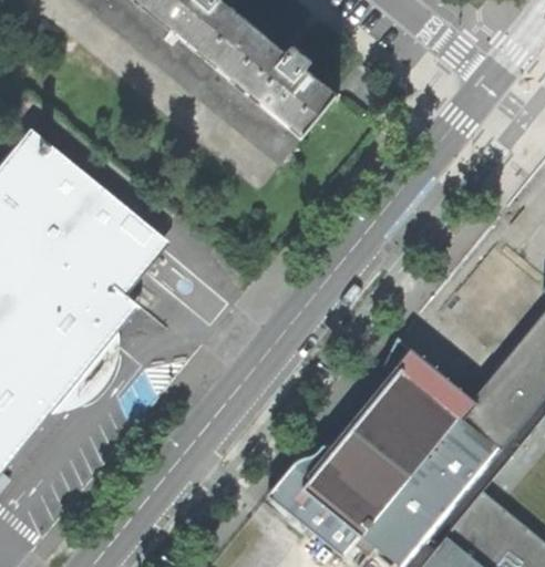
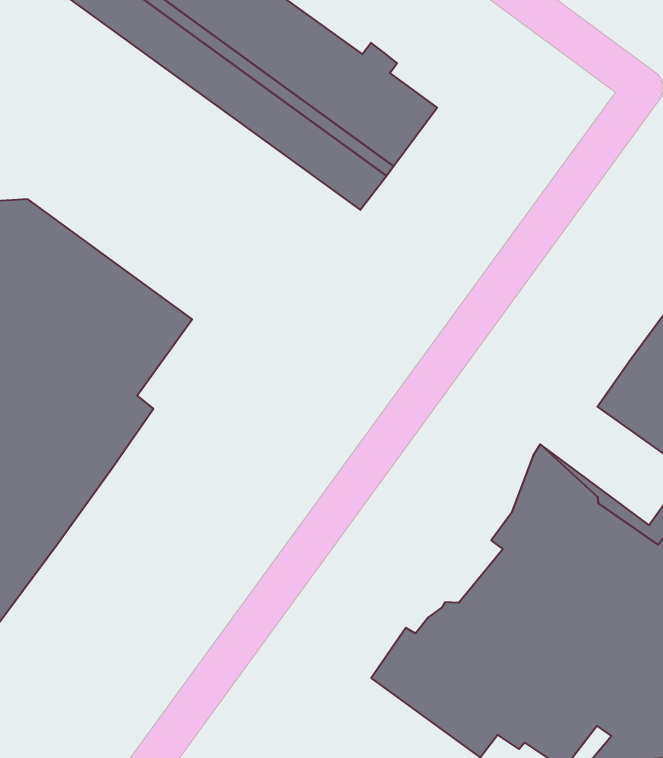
building: [52,338,106,396] -> none

